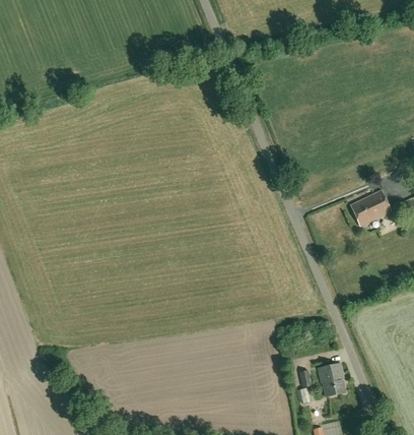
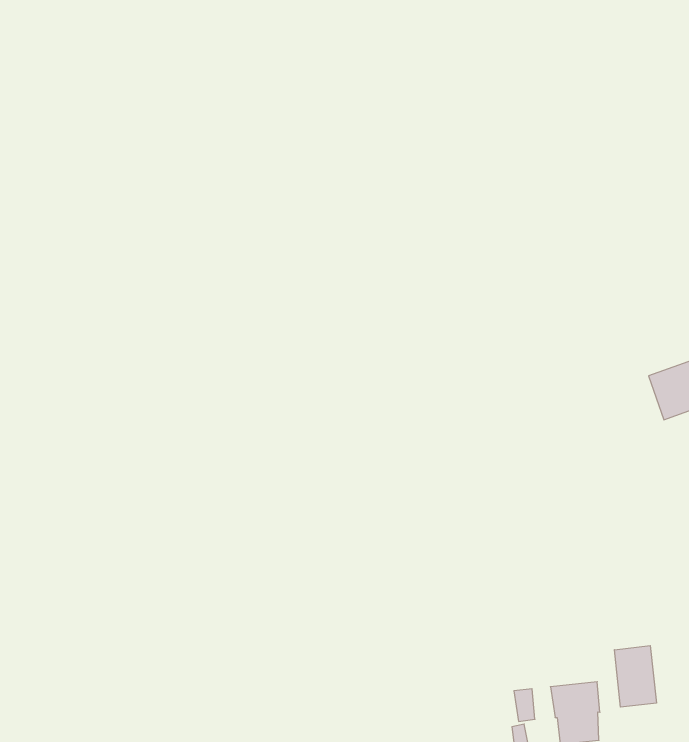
building: none -> [614,646,656,707]

